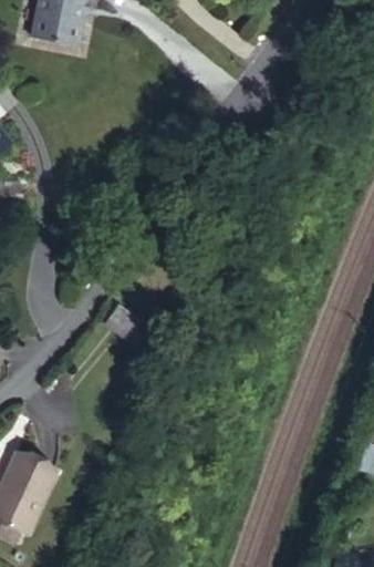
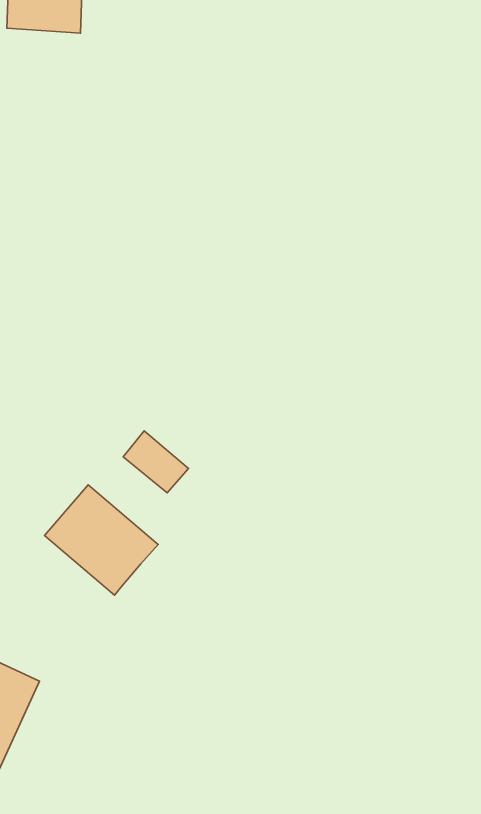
building: none -> [45,485,158,595]

